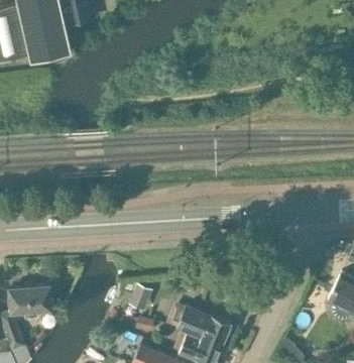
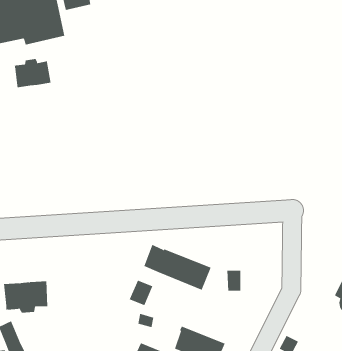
building: none -> [14,58,51,88]
building: [165,302,231,347] -> [144,244,212,290]

